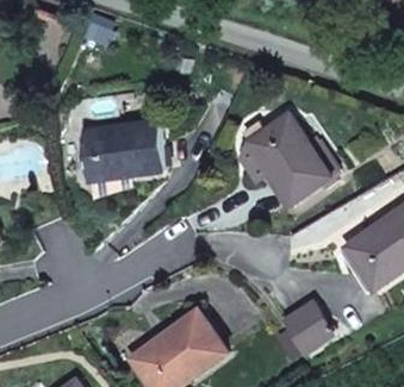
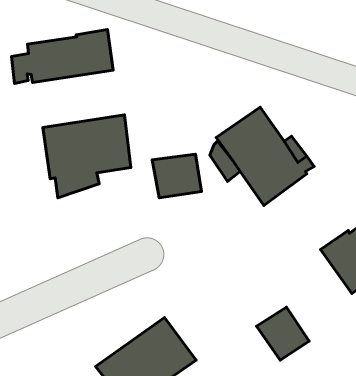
building: none -> [11,30,113,83]
building: none -> [152,154,202,198]

